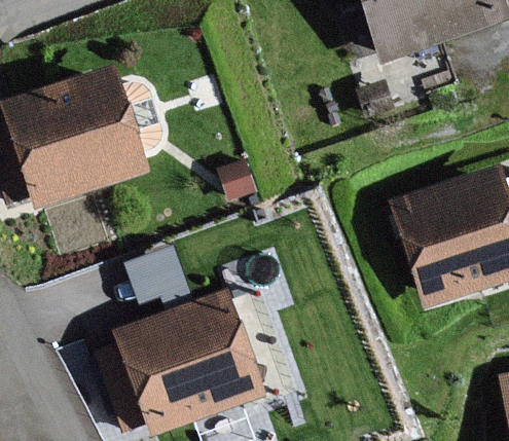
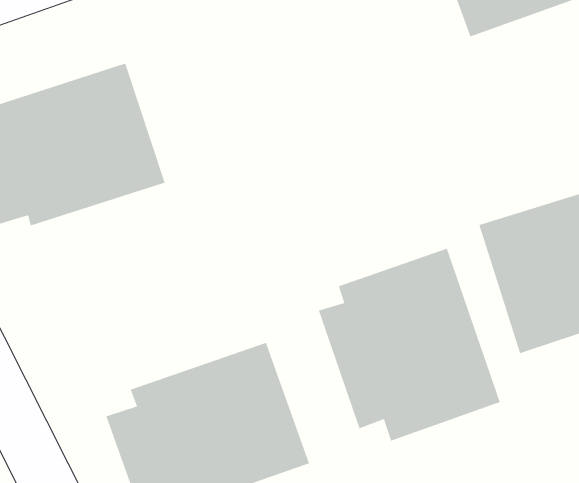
building: none -> [318,248,500,441]

